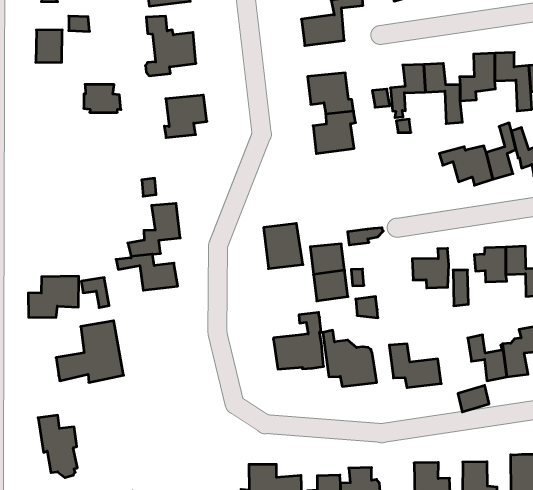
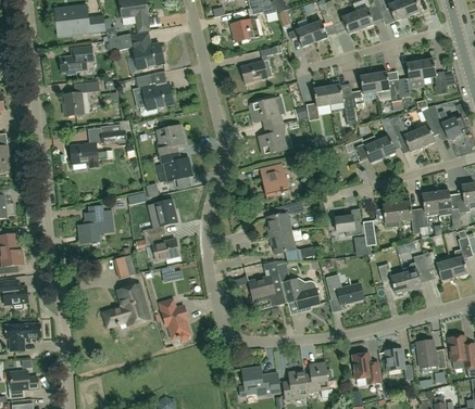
building: none -> [71,142,107,167]
building: none -> [160,151,193,180]
building: [264,223,303,269] -> [260,163,289,195]
building: [28,276,79,317] -> [79,210,114,242]
building: [38,415,77,478] -> [160,298,190,340]

